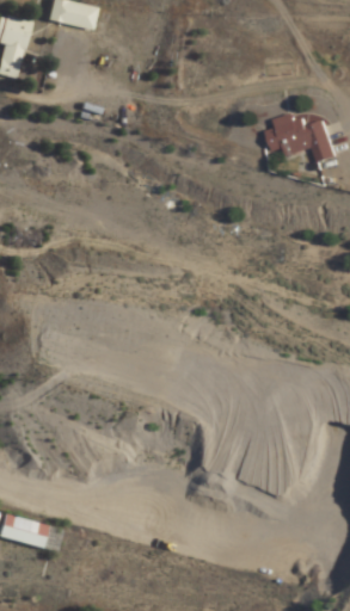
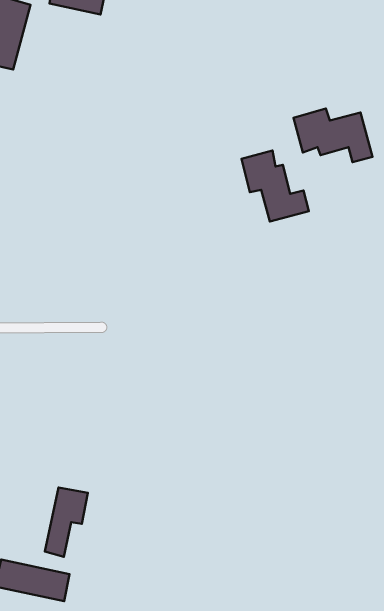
building: none -> [242,151,309,221]
building: none -> [45,487,88,557]

